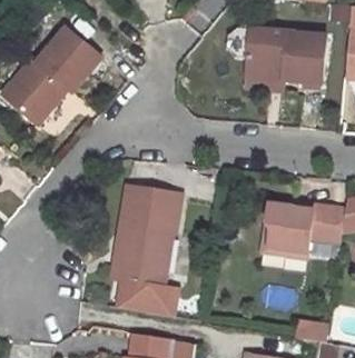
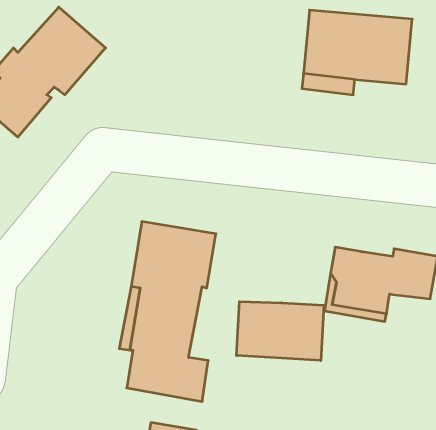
building: none -> [237,302,324,361]

